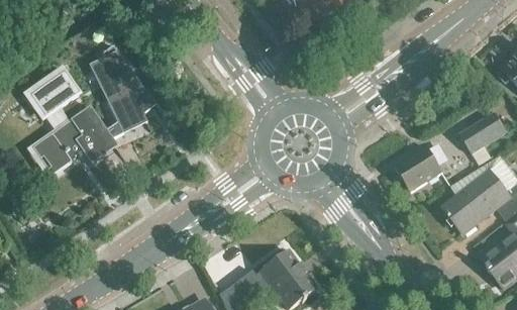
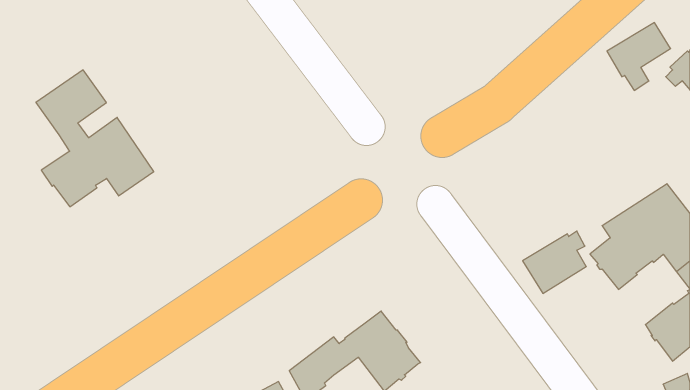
building: [96,44,149,132] -> none
building: [460,113,508,164] -> [607,23,671,90]
building: [395,145,442,192] -> [523,231,586,293]

